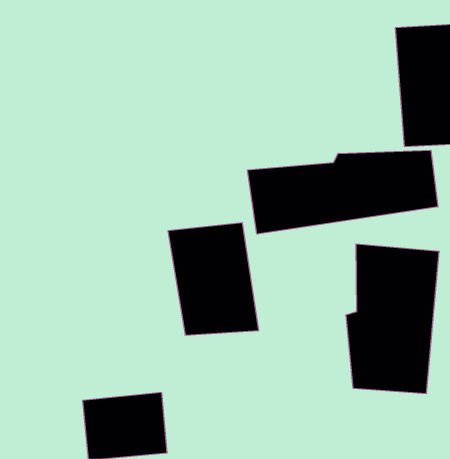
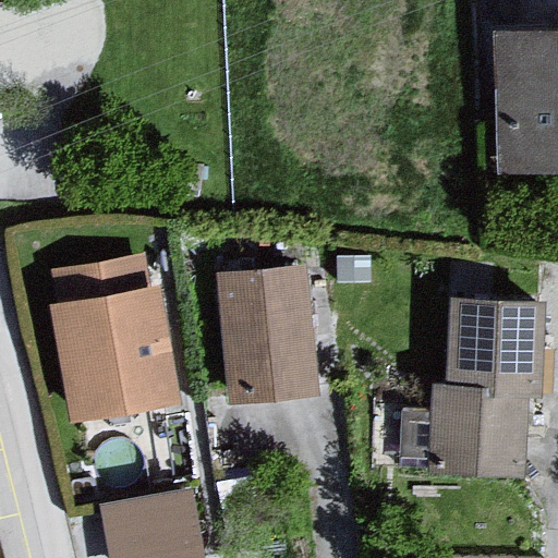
building: [248,150,438,234] -> none
building: none -> [43,257,181,422]

